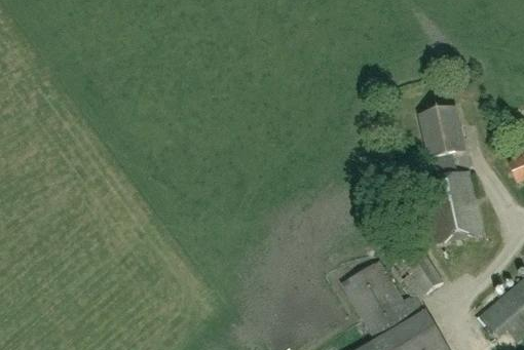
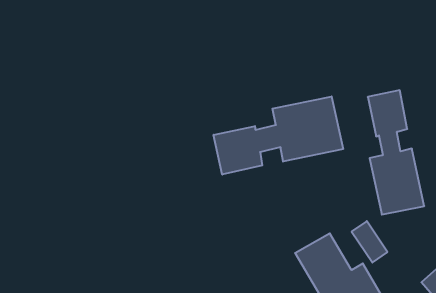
building: none -> [214,96,343,175]

